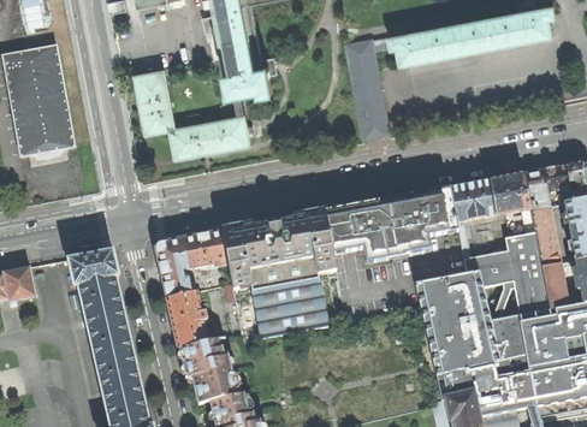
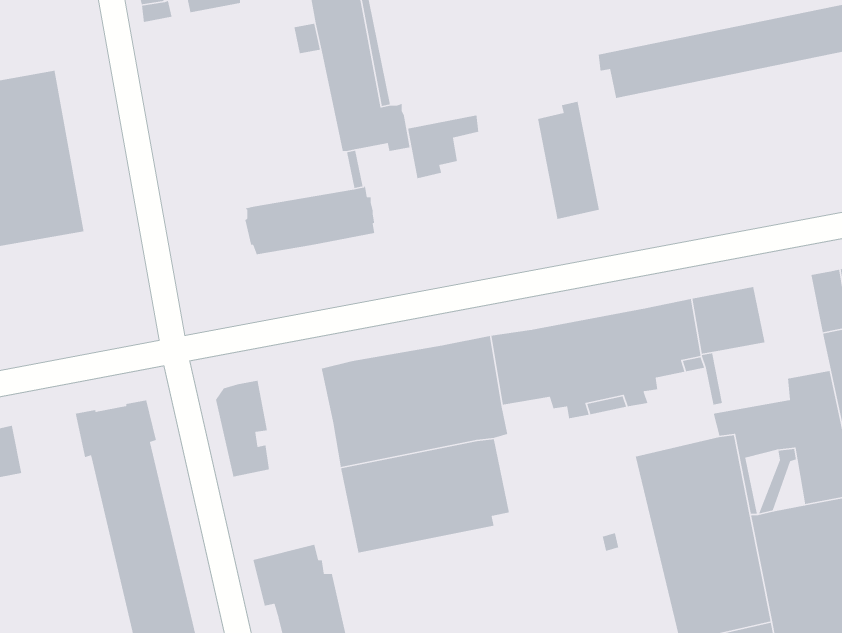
building: [346,36,391,76] -> [407,115,479,179]
building: [138,72,177,137] -> none
building: [486,172,528,214] -> none
building: [180,230,226,268] -> none
building: [166,292,206,345] -> none

